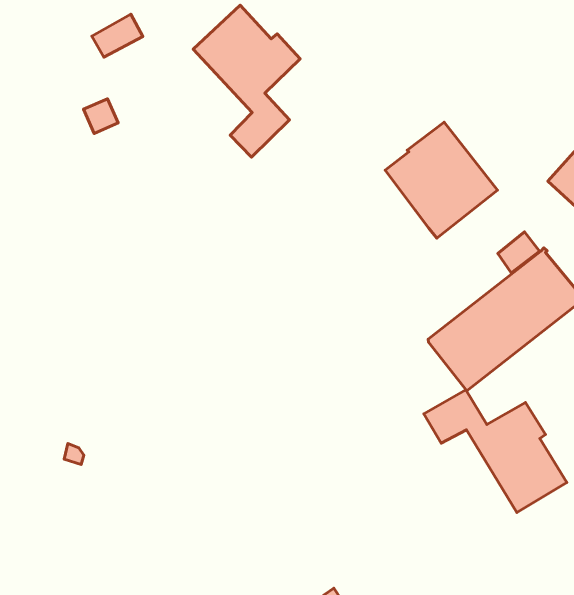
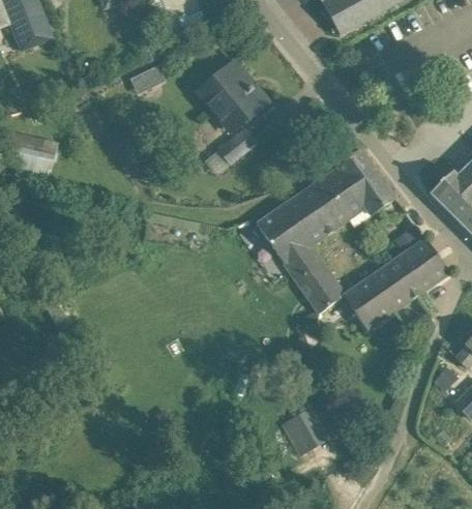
building: none -> [257,178,349,312]
building: [424,390,567,513] -> none
building: none -> [282,408,327,455]

